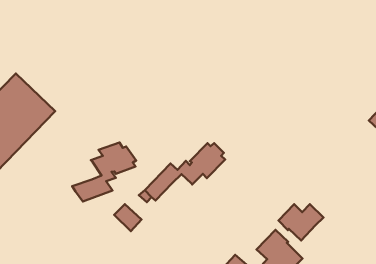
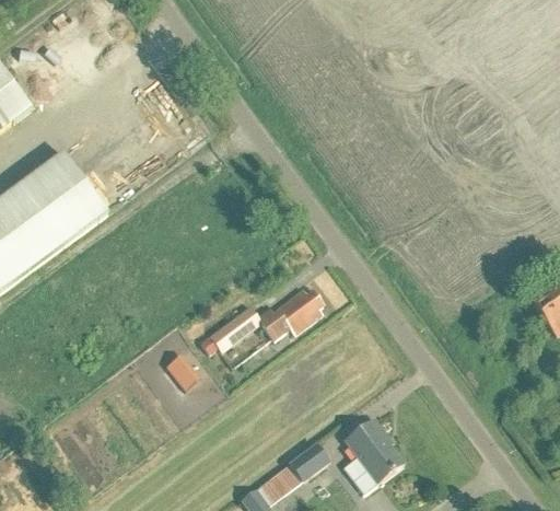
building: [72,142,136,201] -> none
building: [278,204,323,241] -> none

